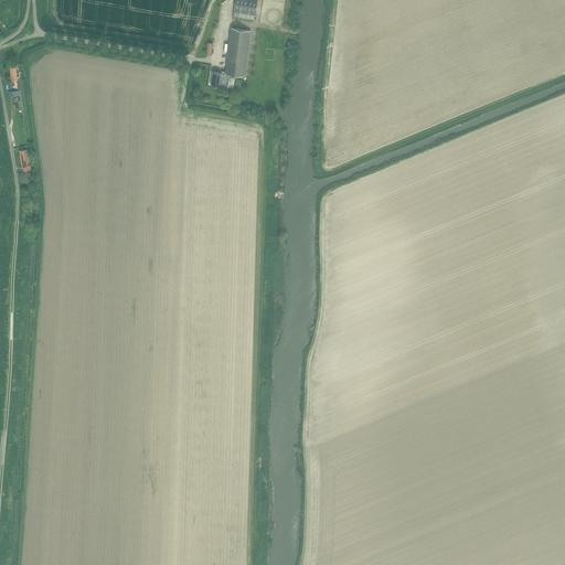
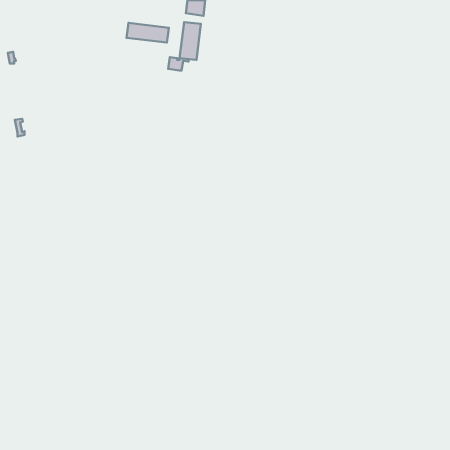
building: none -> [126,23,169,43]

